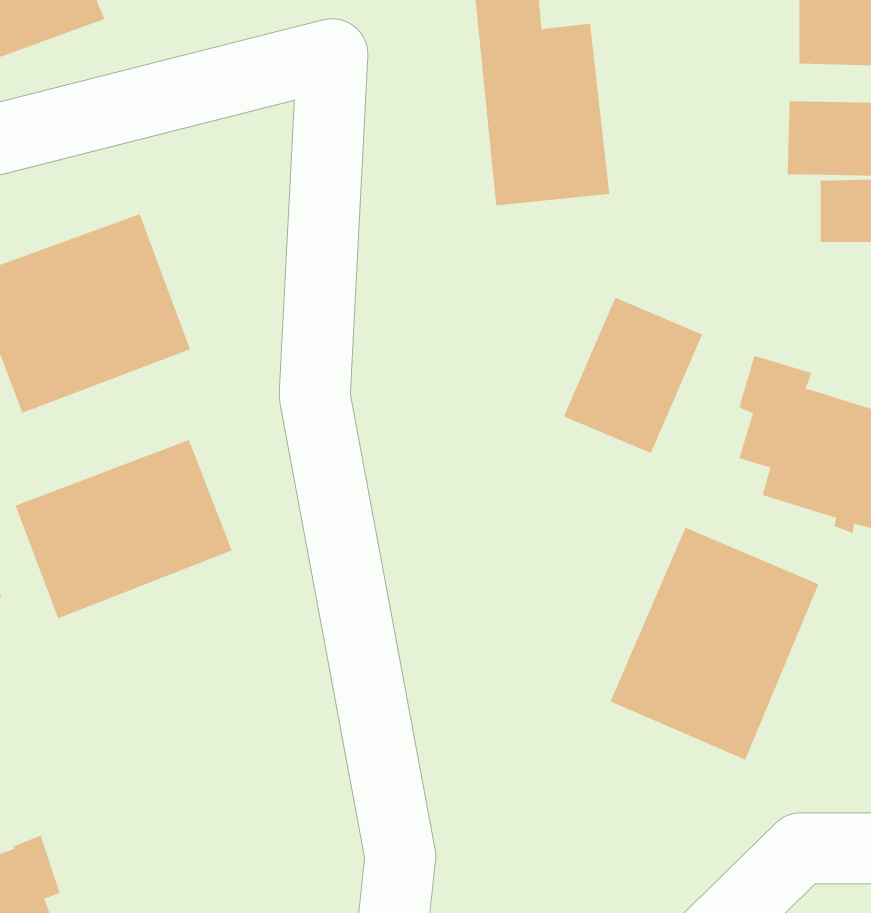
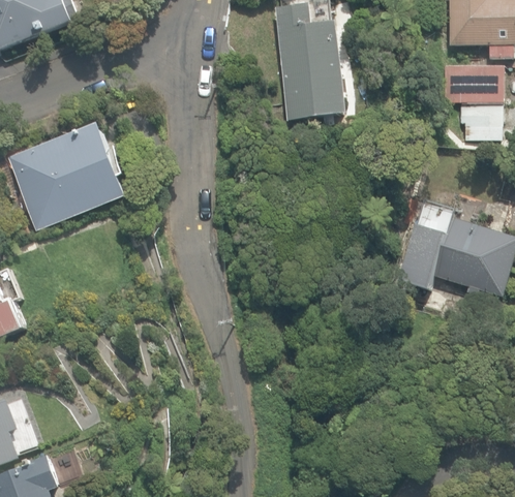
building: [563,297,703,454] -> none
building: [15,439,233,619] -> none
building: [610,527,819,761] -> none

